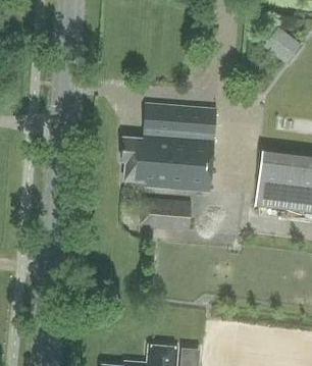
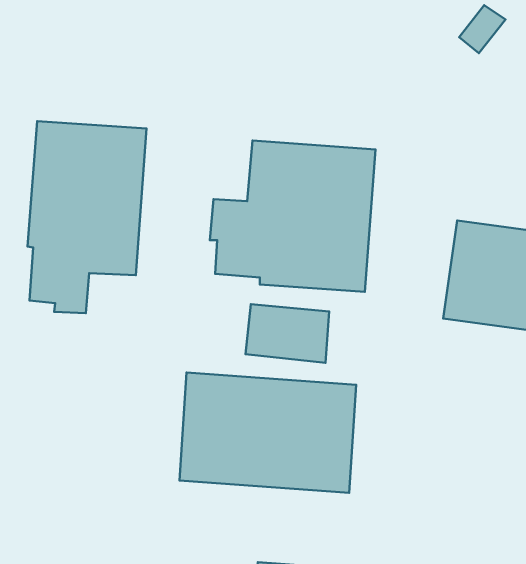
building: none -> [28,121,147,313]
building: none -> [180,373,356,493]

